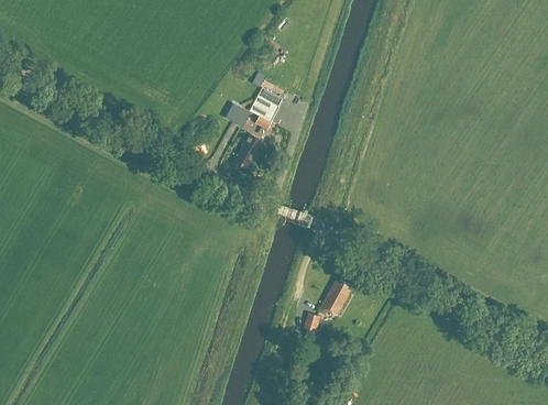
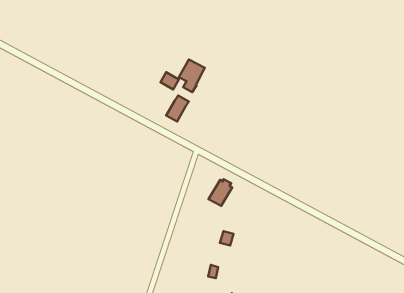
building: [319,280,350,315] -> [209,179,232,206]

